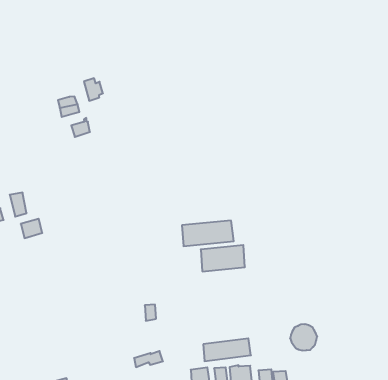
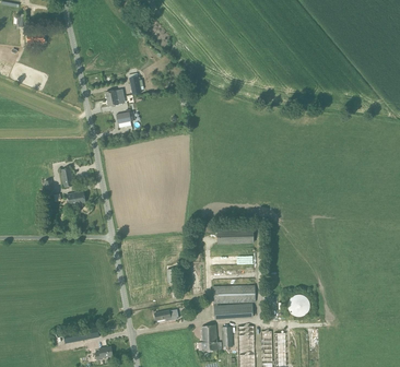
building: [182,221,234,246] -> [213,284,256,303]

